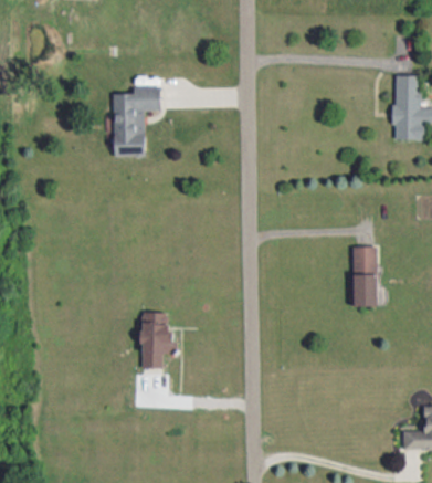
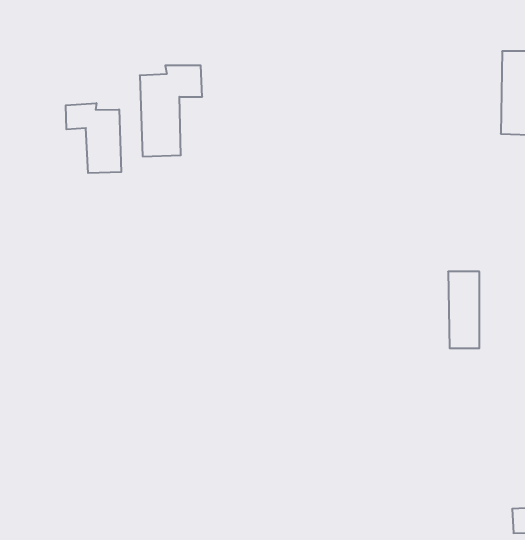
building: none -> [66,103,121,173]
building: [141,312,176,368] -> none

